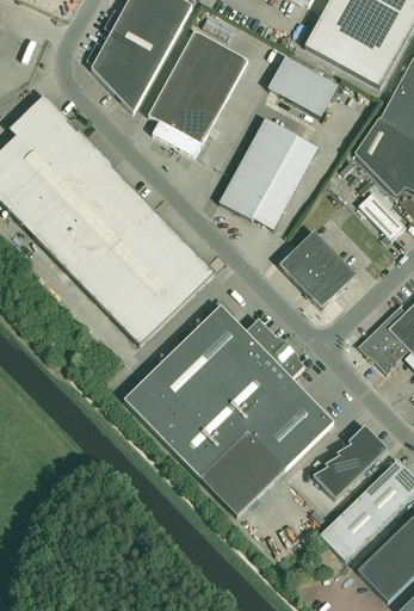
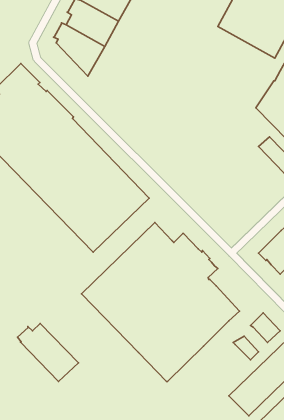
building: [148,29,248,156] -> none
building: [267,55,338,116] -> none
building: [218,117,319,228] -> none
building: [279,229,356,307] -> none
building: none -> [18,324,78,381]
building: [335,443,370,475] -> none
building: [313,465,347,498] -> none

